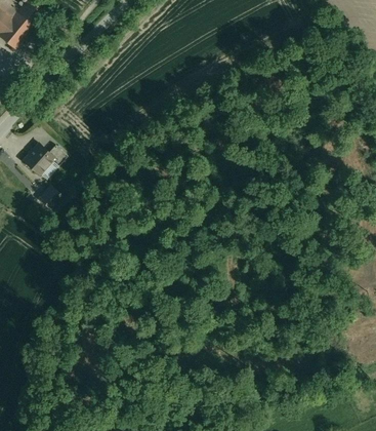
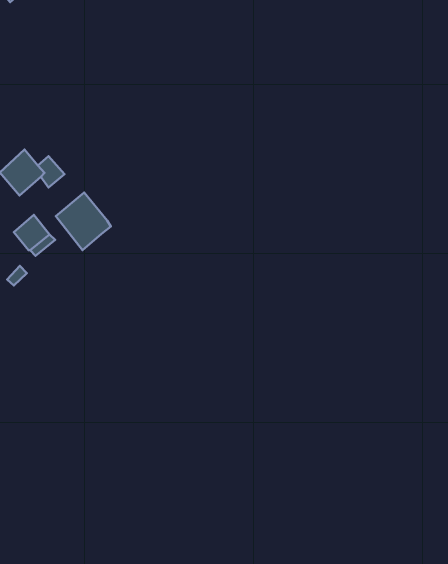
building: none -> [56,193,111,250]

